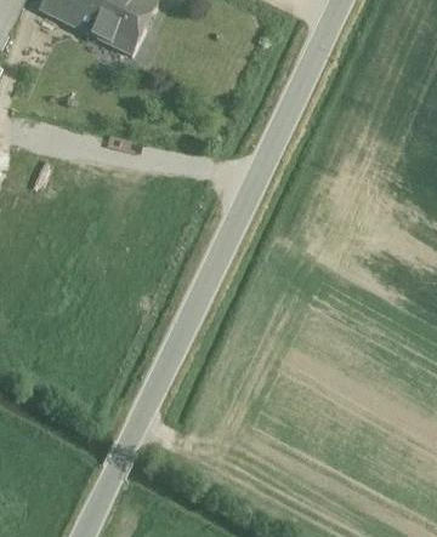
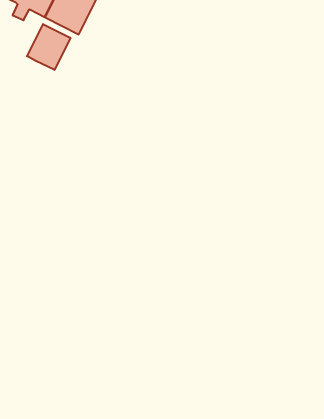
building: none -> [27,24,70,70]

